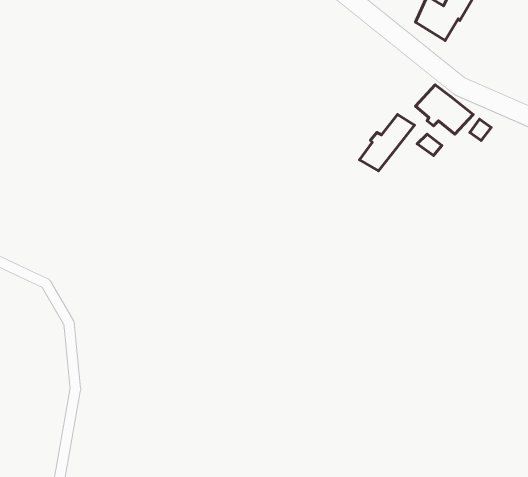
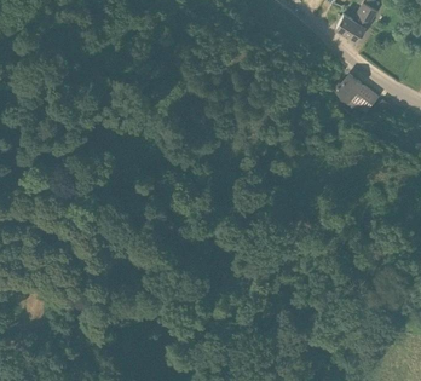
building: [360,115,415,171] -> none

